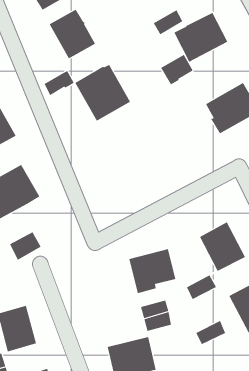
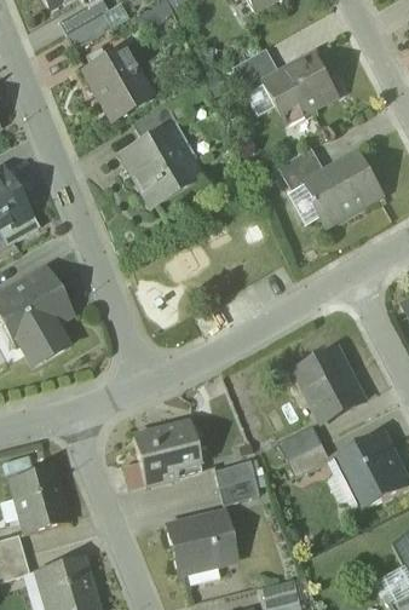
building: [160,54,193,85] -> [278,146,326,190]
building: [44,70,74,96] -> [132,103,175,139]
building: [9,231,41,260] -> [19,323,65,364]
building: [128,248,176,294] -> [132,420,200,484]
building: [196,320,226,345] -> [287,441,330,476]

